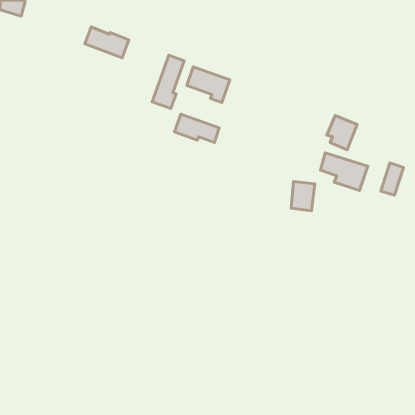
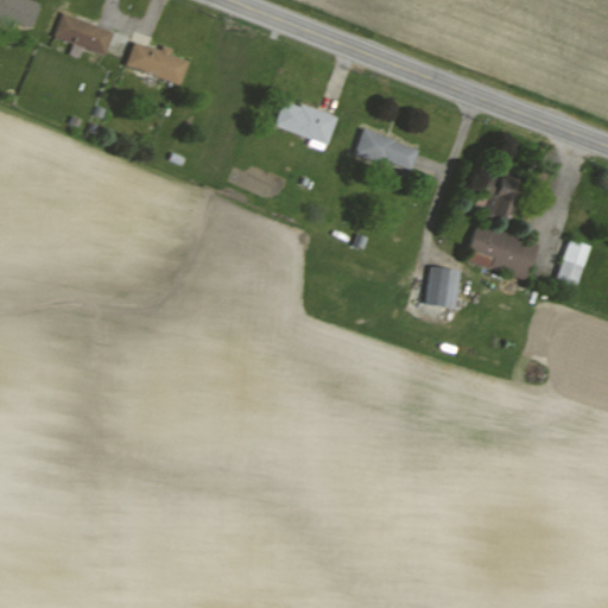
building: none -> [55,13,114,55]
building: [152,55,184,109] -> none
building: [174,114,219,143] -> [354,128,419,170]

